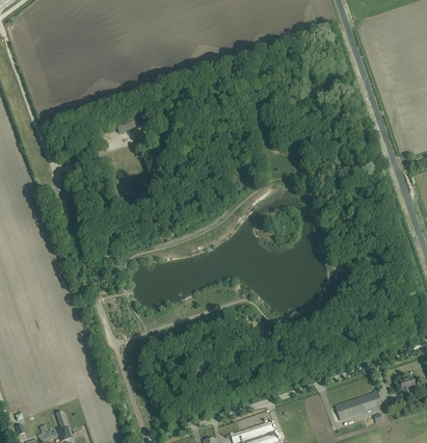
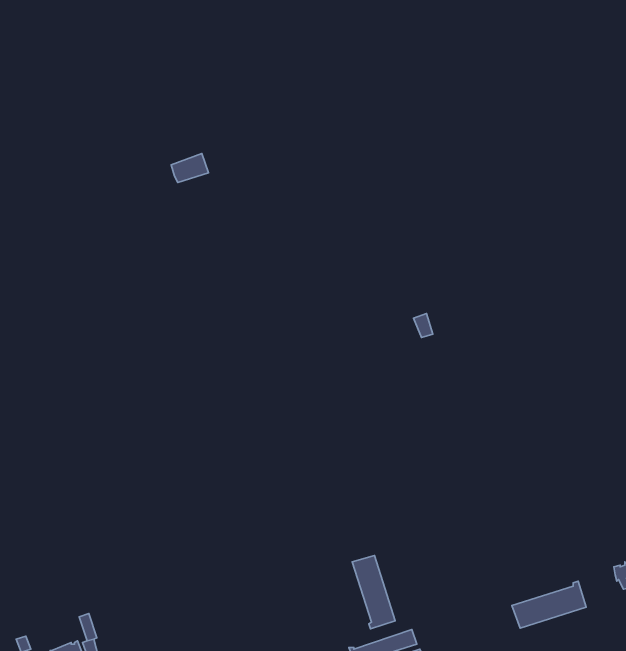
building: none -> [352,556,395,629]

